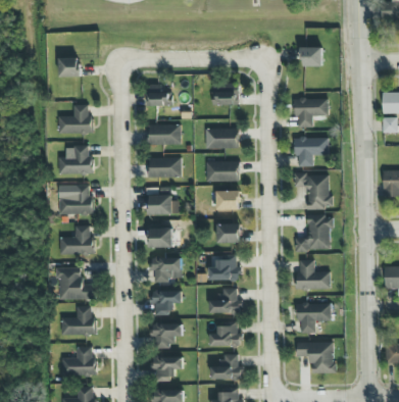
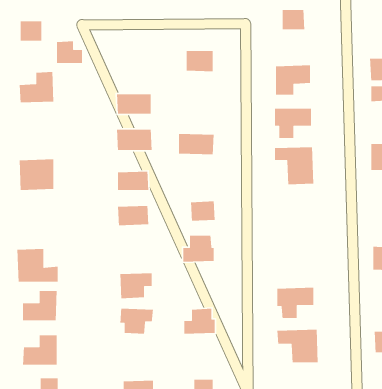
building: [147,84,171,105] -> [56,40,83,64]
building: [205,128,238,148] -> none
building: [58,146,91,174] -> none
building: [216,191,240,210] -> none
building: [295,214,333,250] -> none
building: [59,225,93,254] -> none
building: [150,257,182,283] -> none
building: [297,260,331,289] -> none
building: [210,288,240,313] -> none
building: [153,356,183,380] -> none
building: [211,356,241,381] -> none

